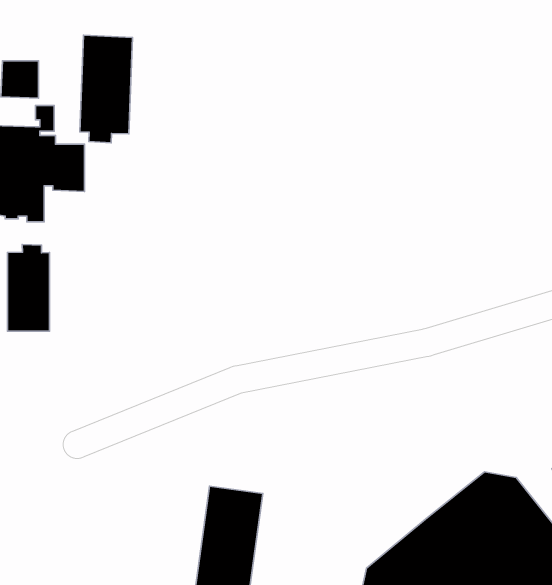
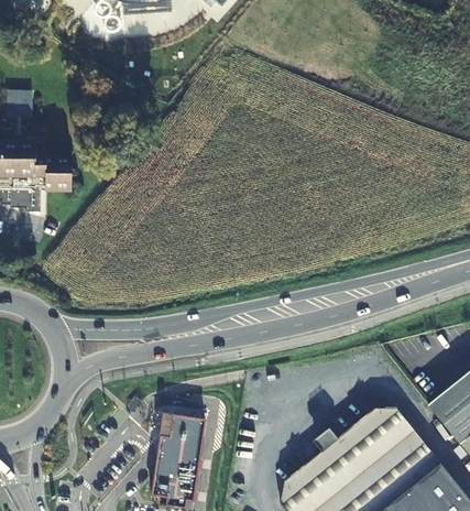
building: [80,35,133,143] -> none
building: [8,245,49,331] -> none

